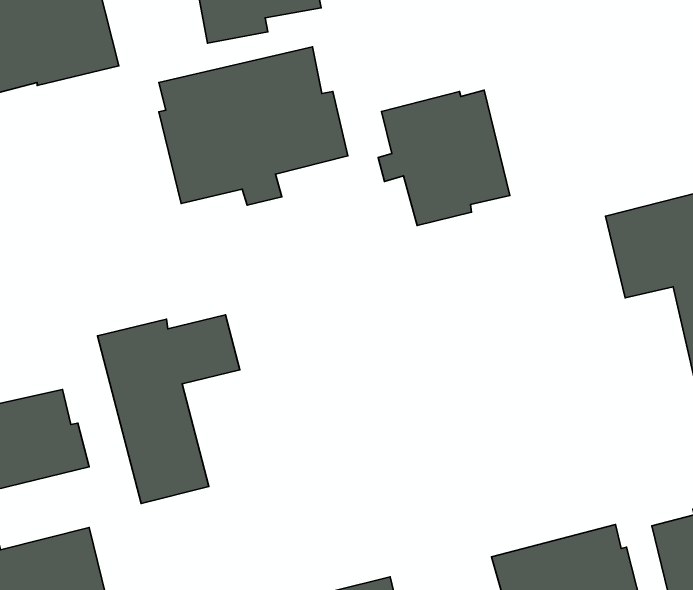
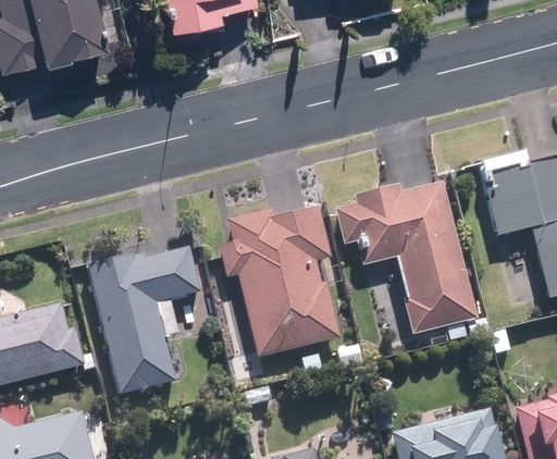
building: [159,47,348,205] -> none
building: [378,90,510,226] -> none
building: none -> [338,182,473,328]
building: none -> [223,208,337,351]

